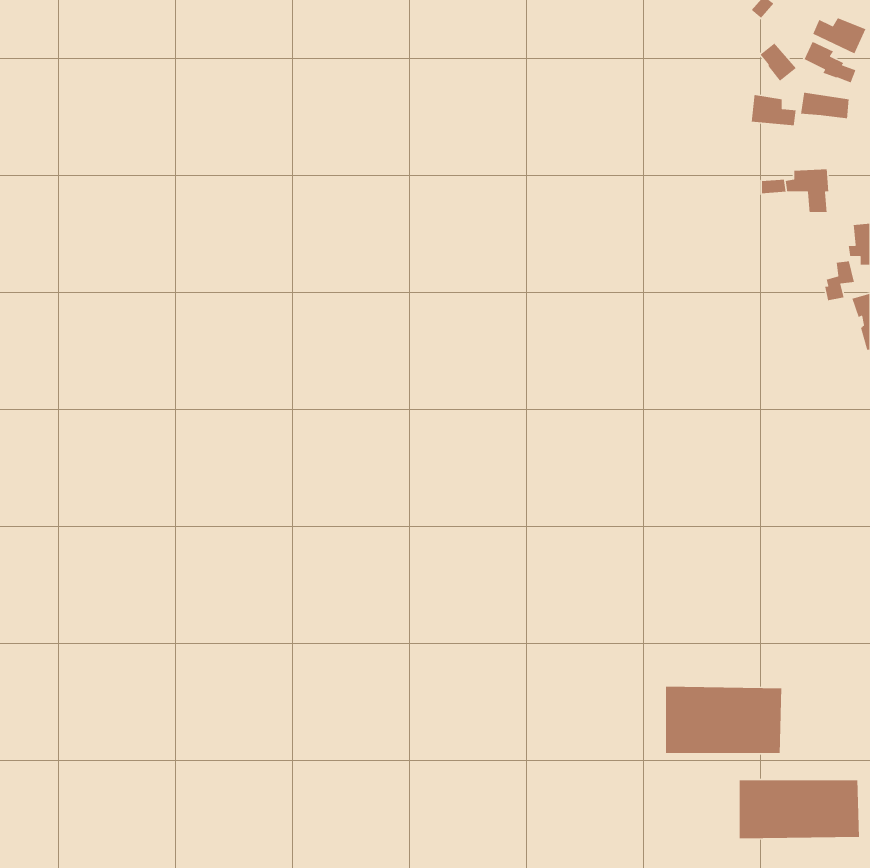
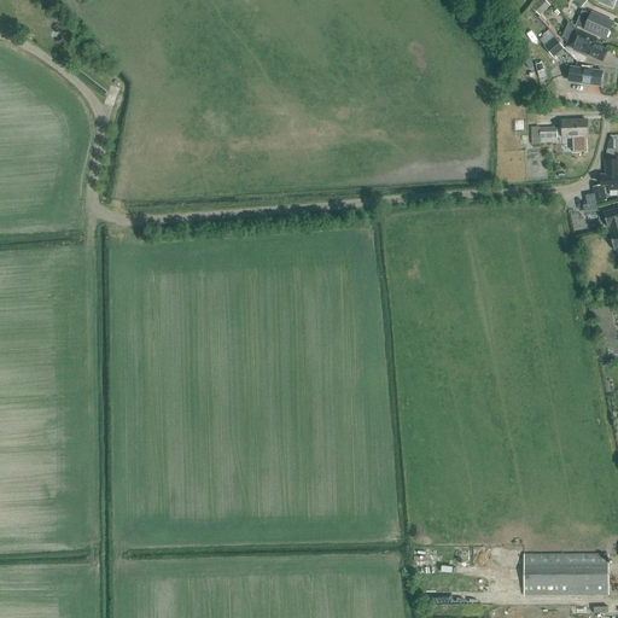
building: [751,94,797,126] -> none
building: [665,686,782,754] -> none

